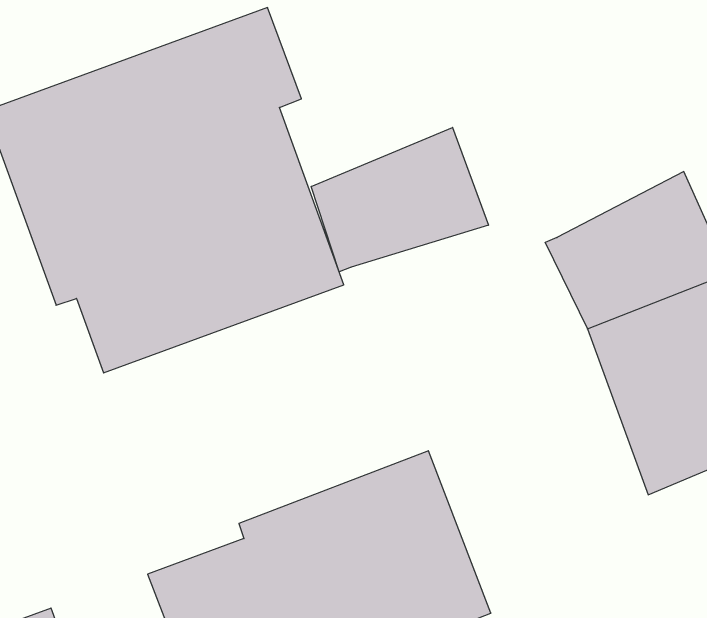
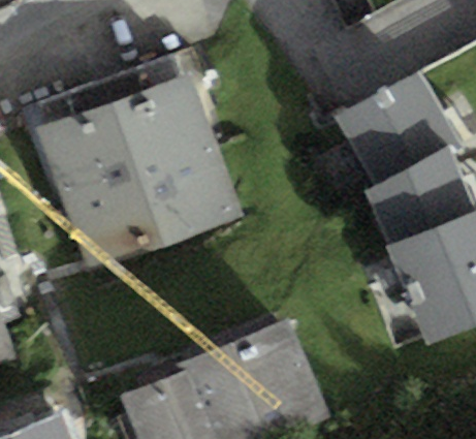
building: none -> [334,72,457,188]
building: [311,127,488,272] -> none

